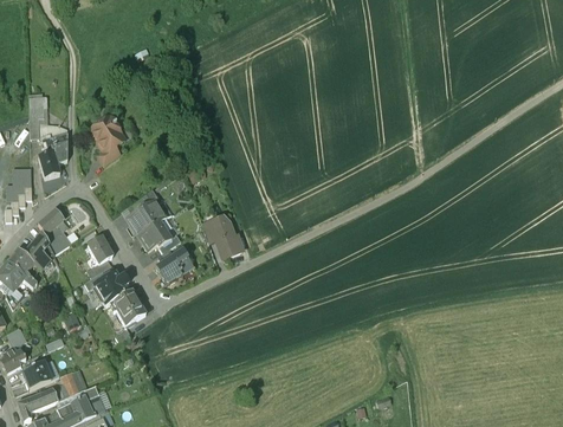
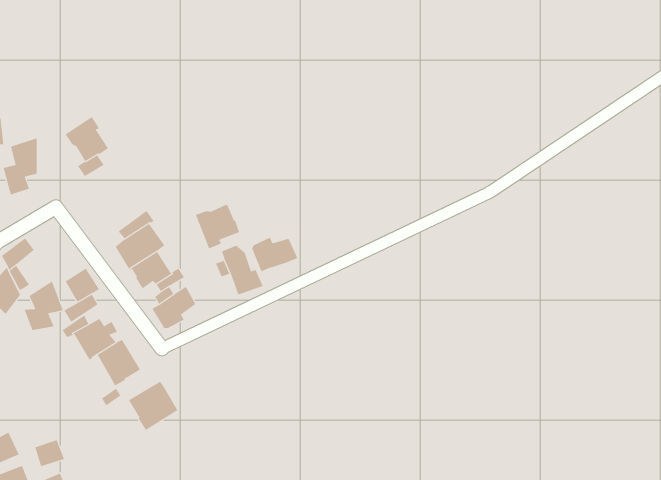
building: none -> [195,204,240,249]
building: none -> [252,237,298,272]
building: none -> [24,280,63,331]
building: none -> [128,381,178,431]

